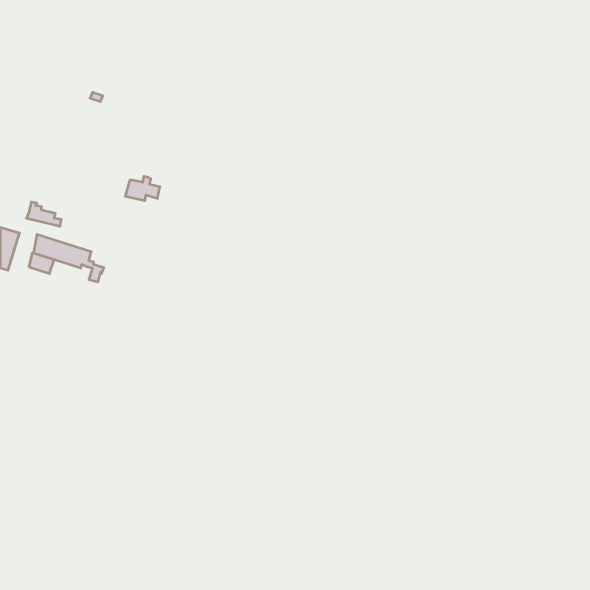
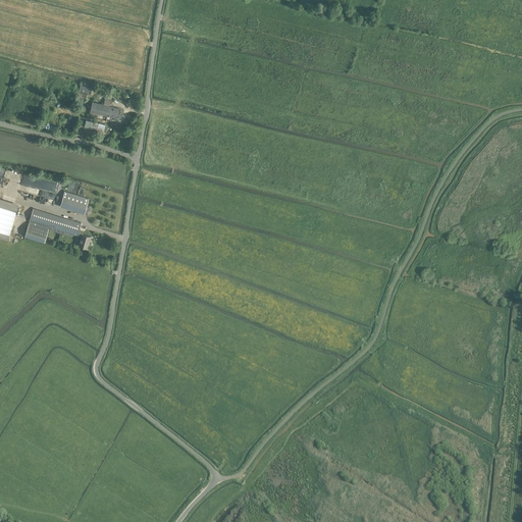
building: [125,176,160,201] -> [89,99,119,120]
building: none -> [60,191,89,213]

